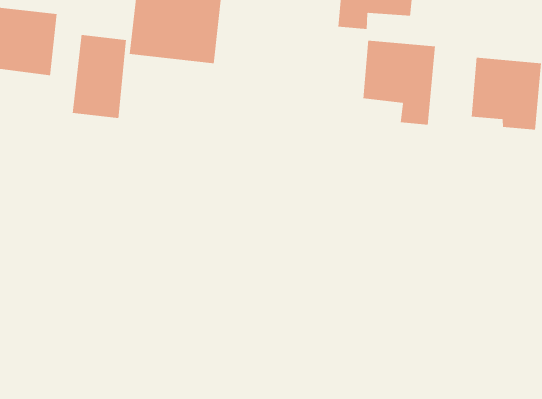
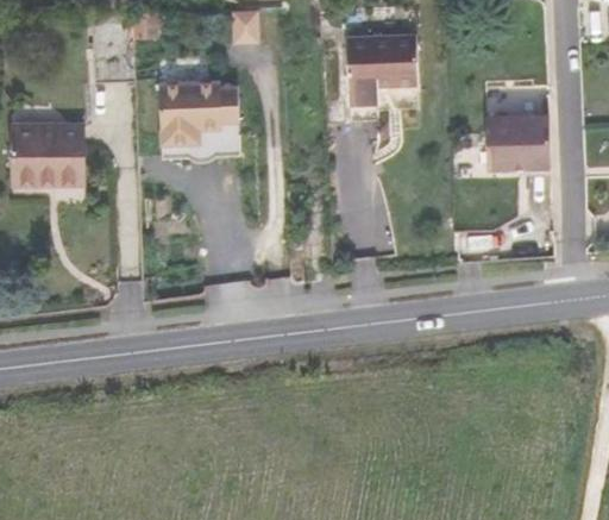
building: [72,34,127,119] -> none
building: [363,40,436,126] -> none

